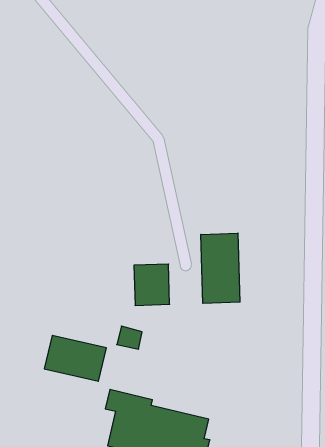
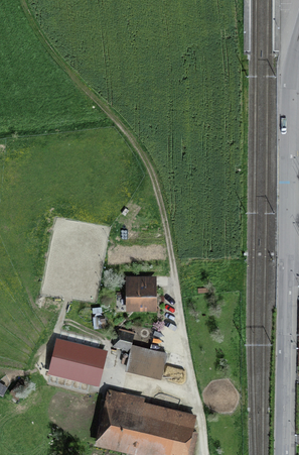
building: [201,233,240,303] -> none
building: none -> [128,347,170,381]

